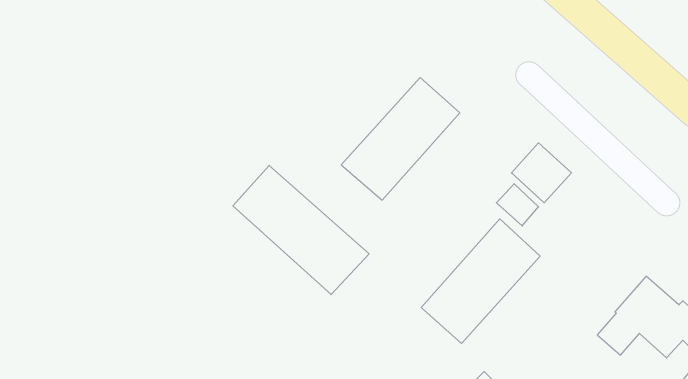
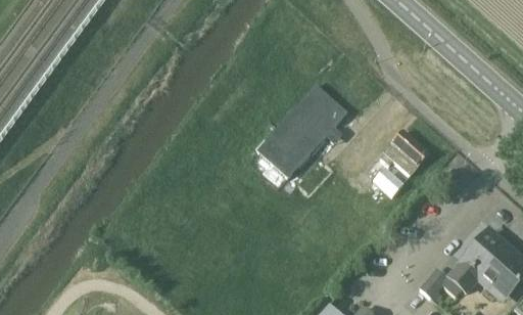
building: [233,165,369,295] -> none
building: [421,219,540,343] -> none

